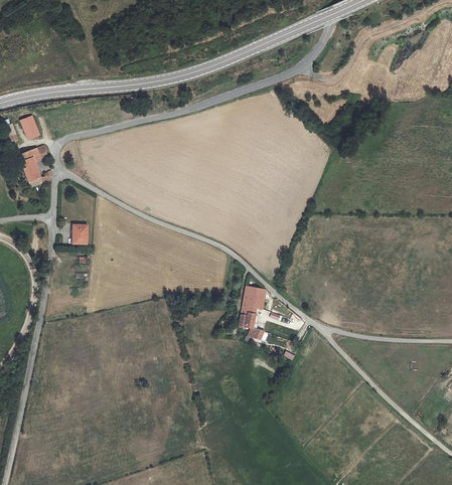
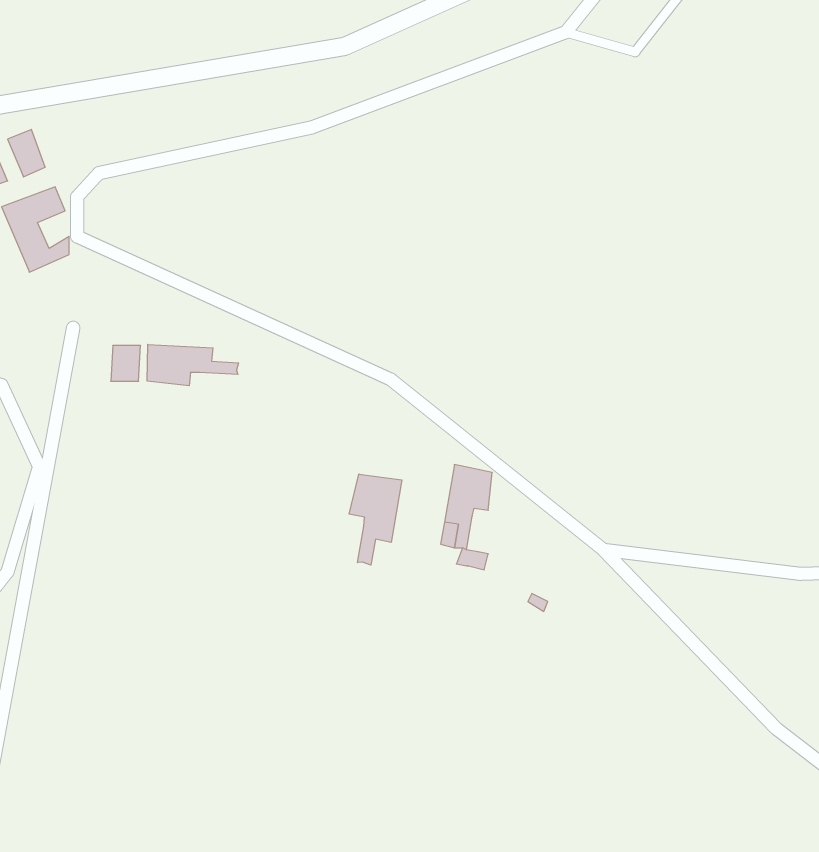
building: none -> [147,344,239,386]
building: none -> [349,474,402,565]

